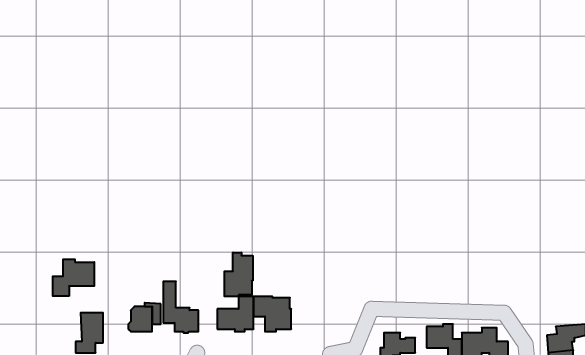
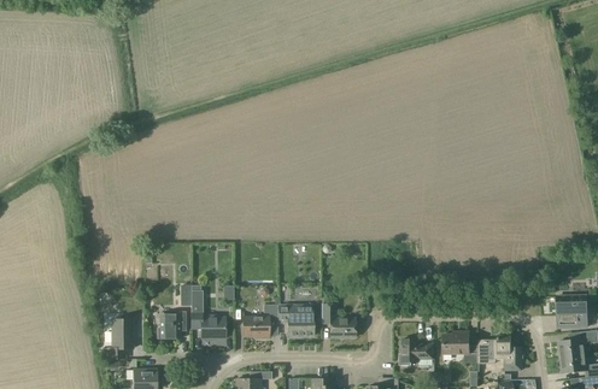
building: [224,252,253,296] -> none
building: [53,259,94,296] -> none
building: none -> [558,295,587,328]
building: none -> [321,302,354,336]

